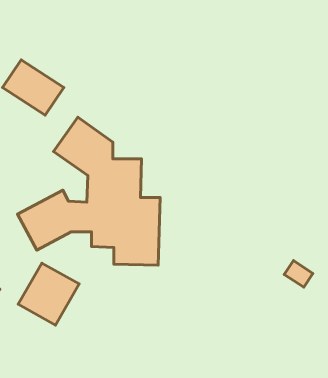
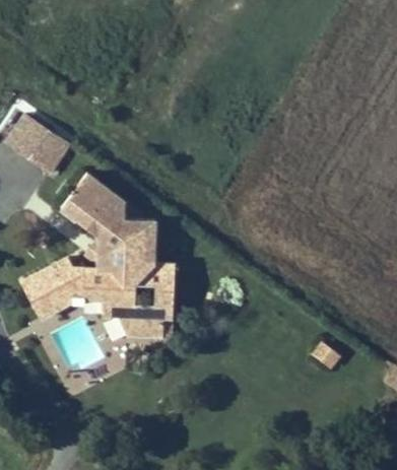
building: [18,263,79,325] -> none

